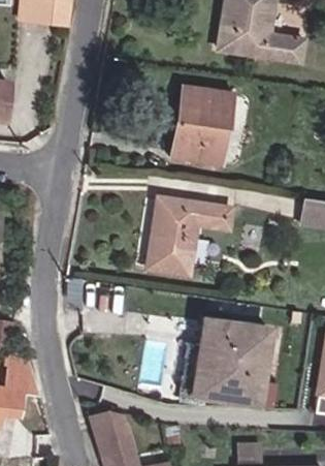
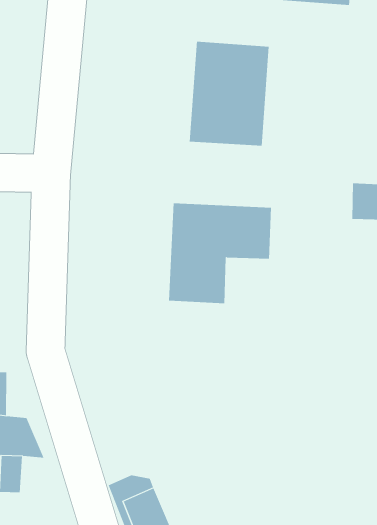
building: [197,313,272,396] -> none

